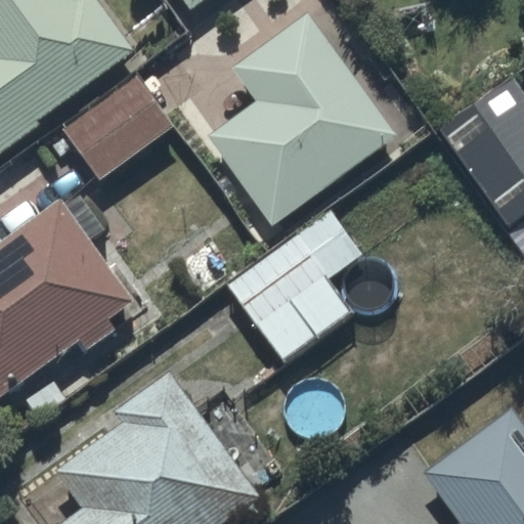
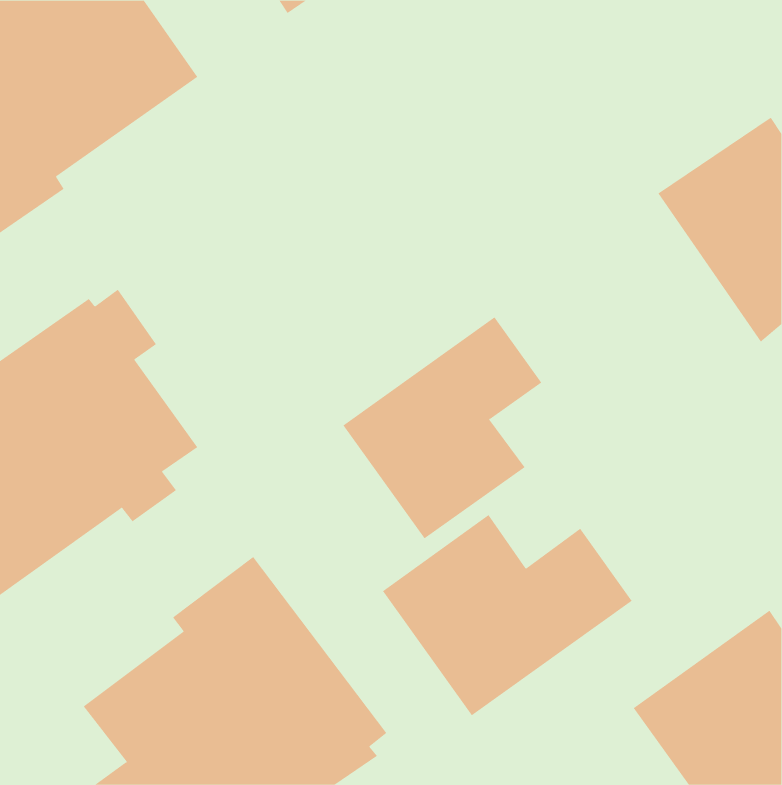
building: [209,12,396,224] -> none
building: [63,76,173,179] -> none
building: none -> [382,514,632,716]

